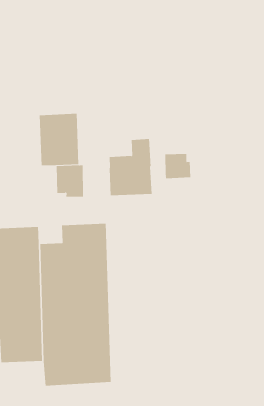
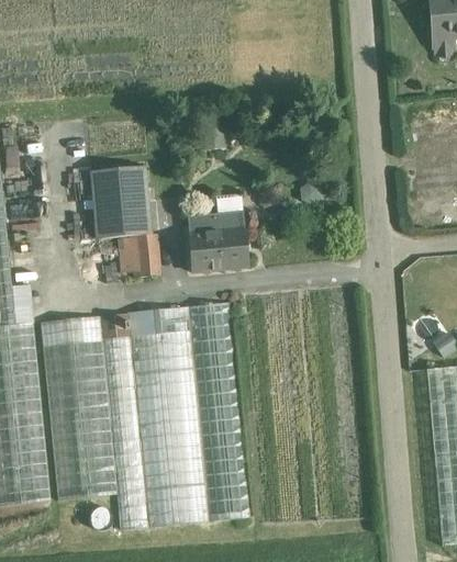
building: [165,153,191,179] -> none
building: none -> [189,302,250,517]

